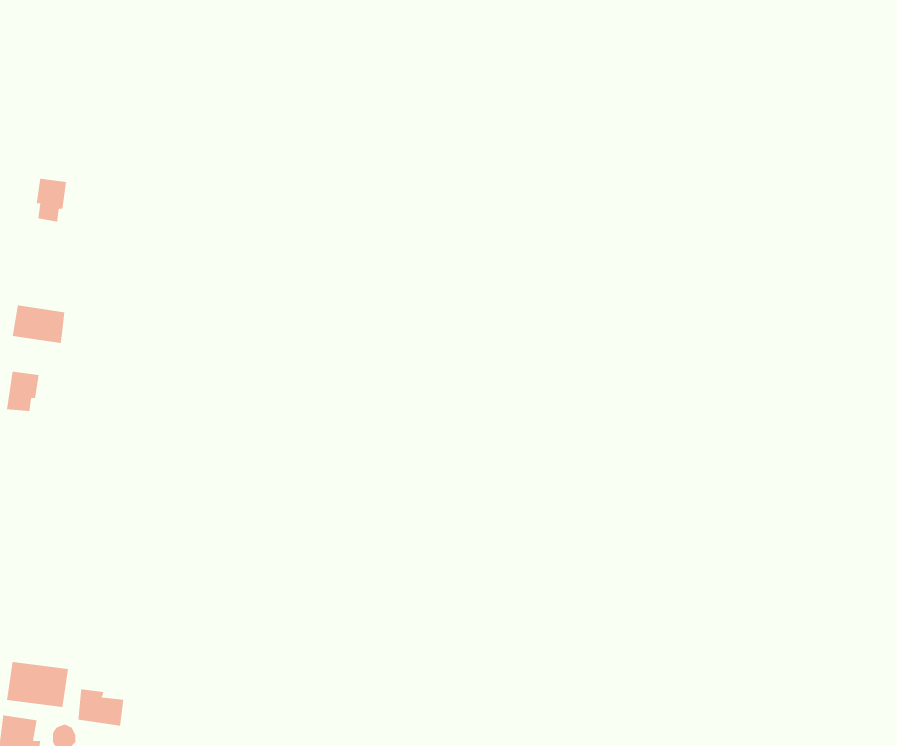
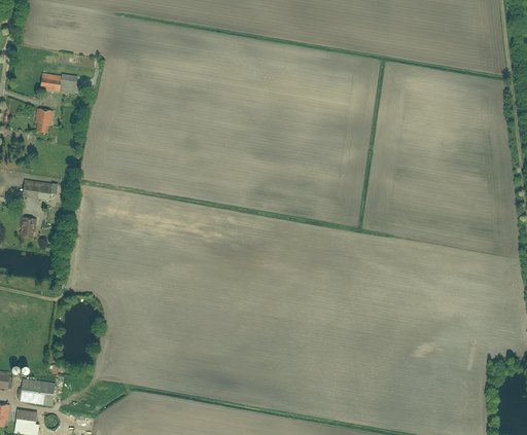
building: none -> [39,72,77,94]
building: [78,689,124,726] -> none

